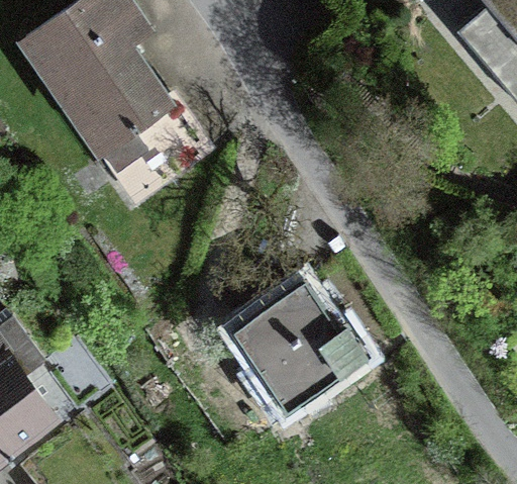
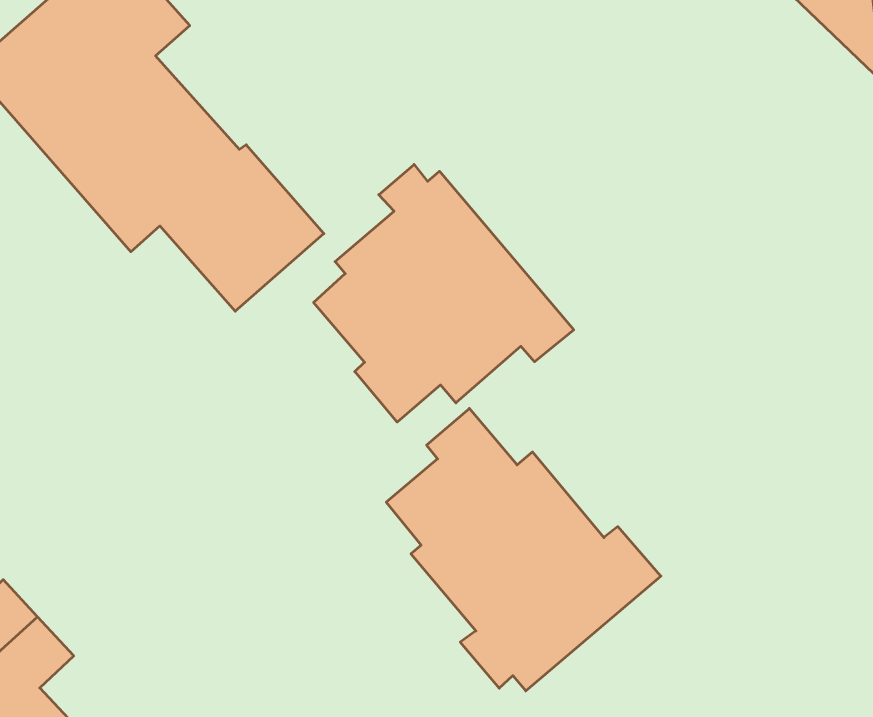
building: none -> [314,164,574,422]

